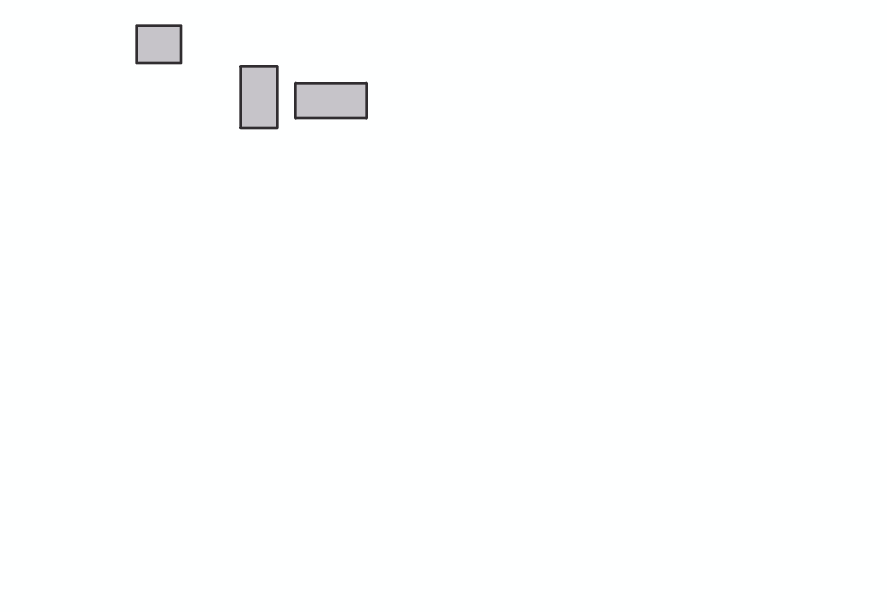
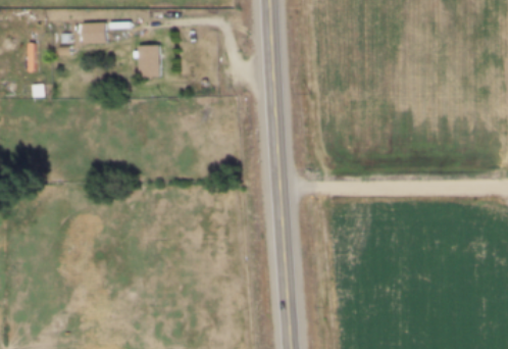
building: [296,83,366,118] -> none

